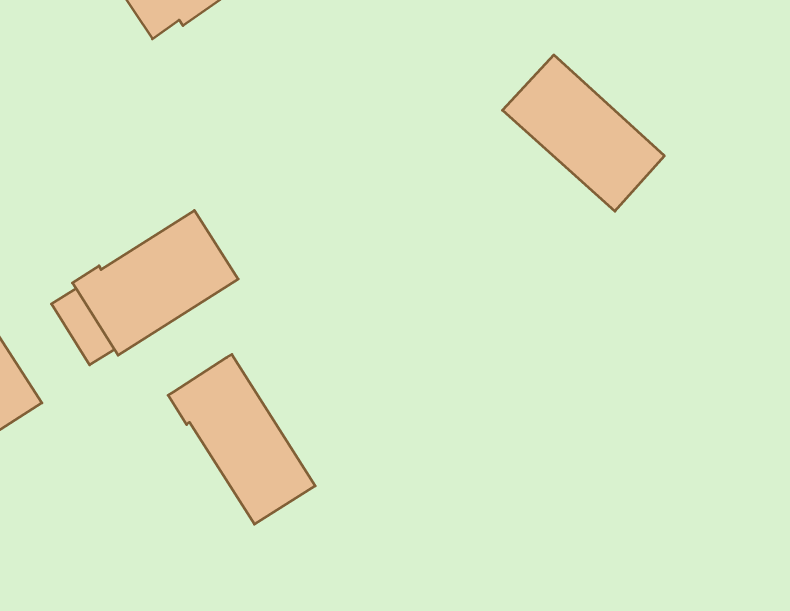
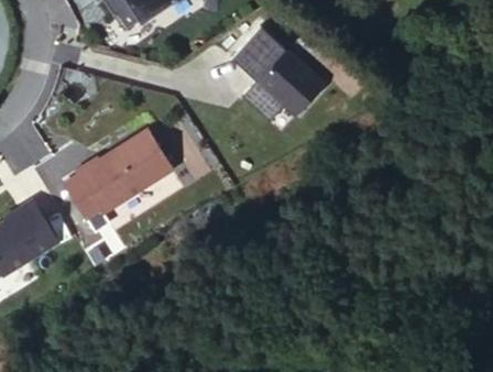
building: [502,55,664,211] -> [229,28,322,118]
building: [168,354,315,524] -> none

